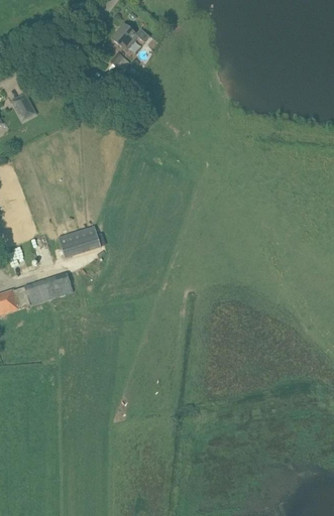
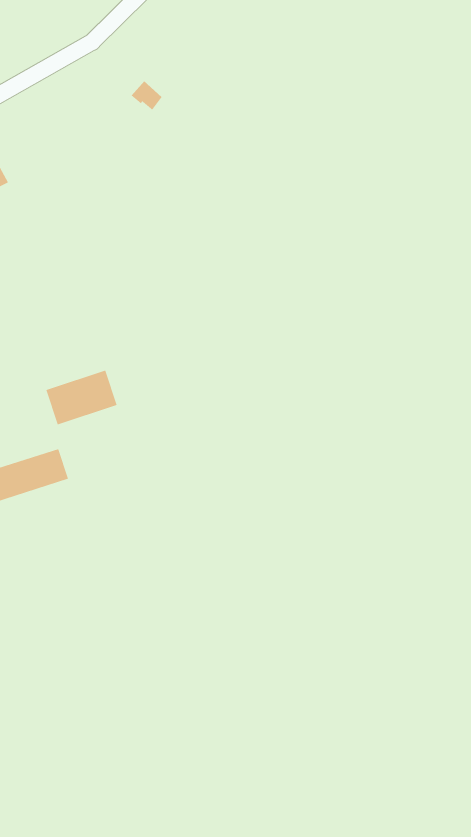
building: [111,24,139,52] -> none

